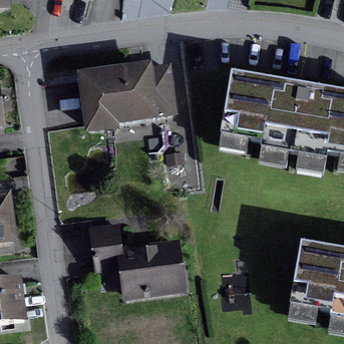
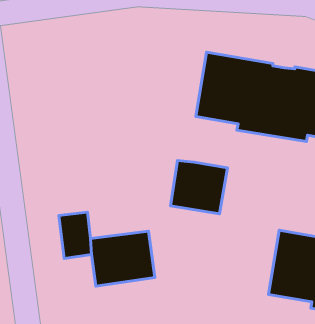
building: [81,67,171,126] -> none
building: none -> [171,160,228,214]

